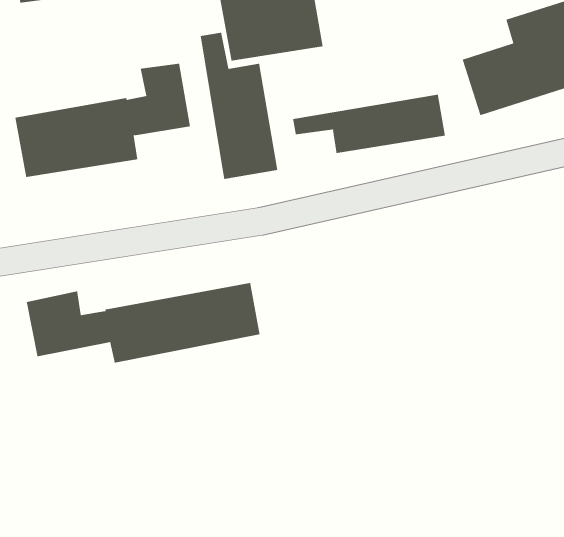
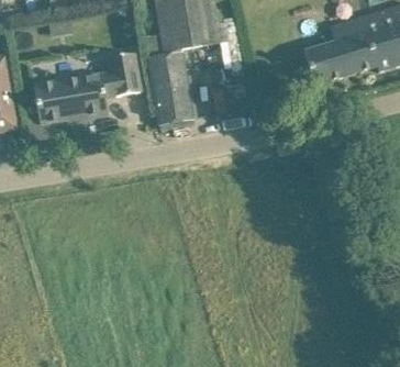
building: [293,94,445,154] -> none
building: [26,282,260,363] -> none

